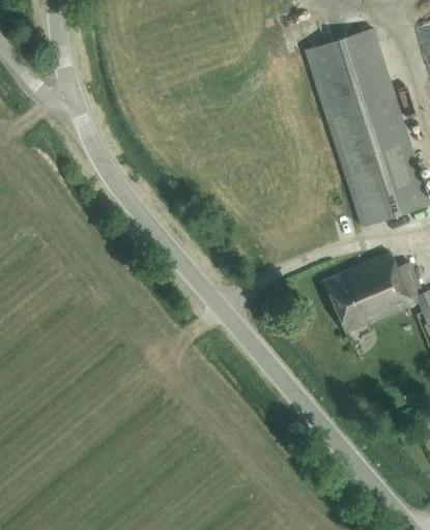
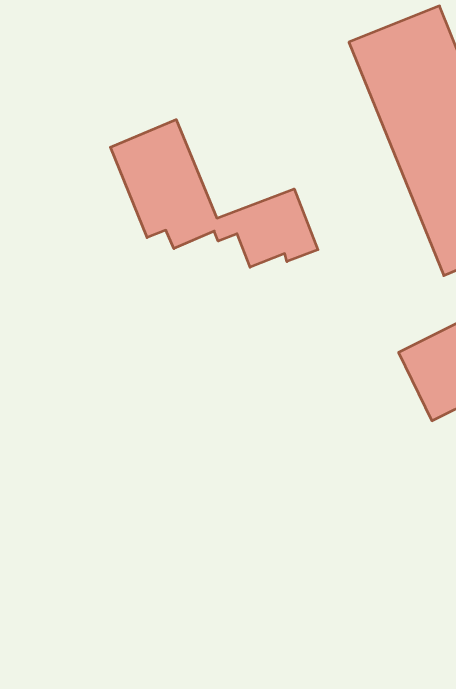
building: none -> [110,120,318,267]

